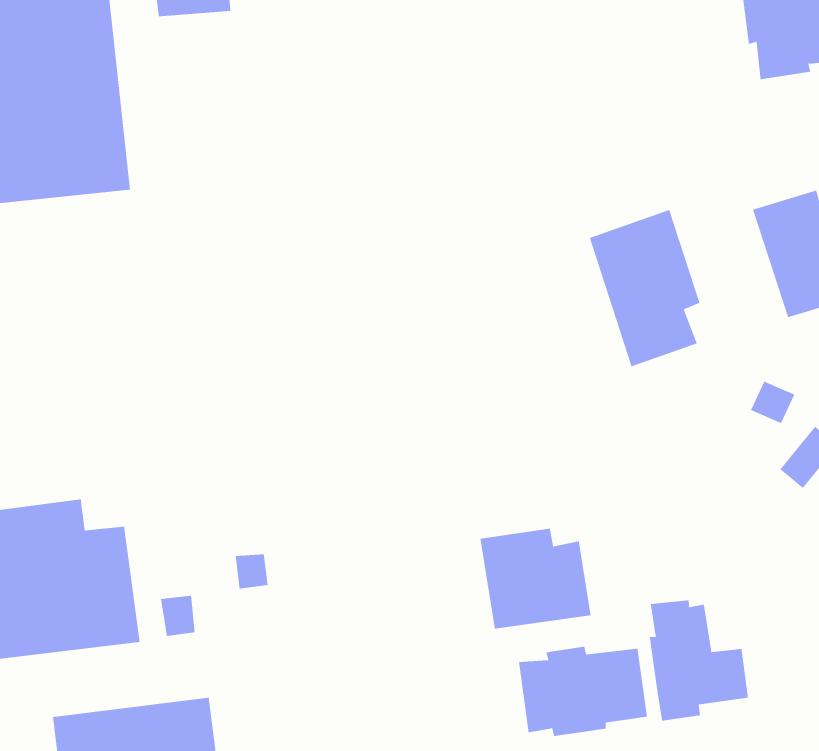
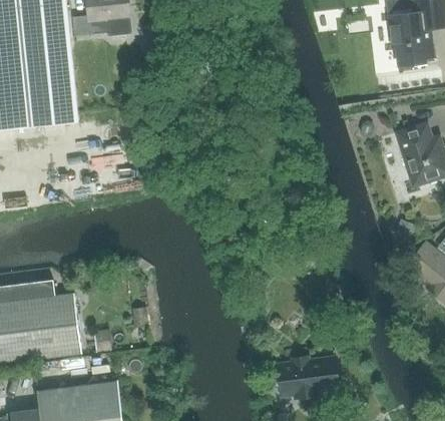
building: [589,209,700,367] -> none
building: [480,528,591,629] -> none
building: [649,599,748,722] -> none

